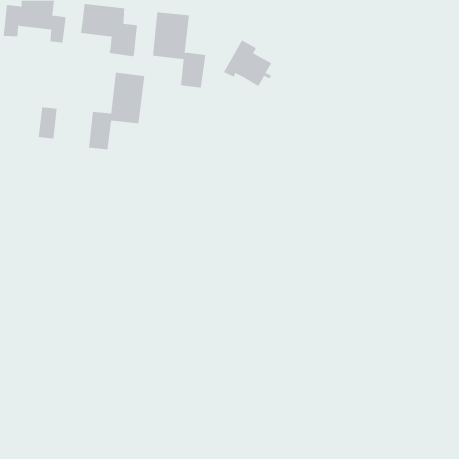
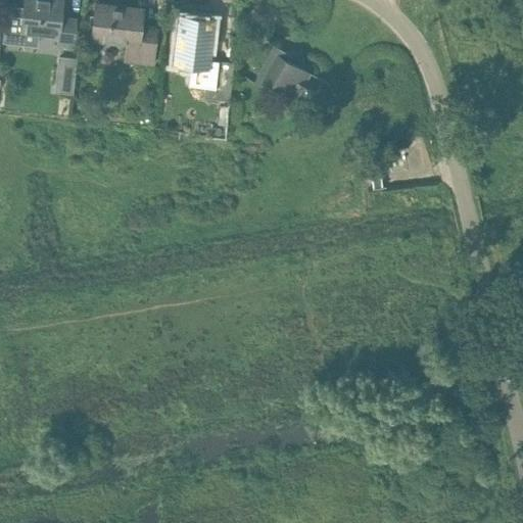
building: [89,72,145,150] -> none
building: [38,107,58,139] -> [55,57,78,94]

